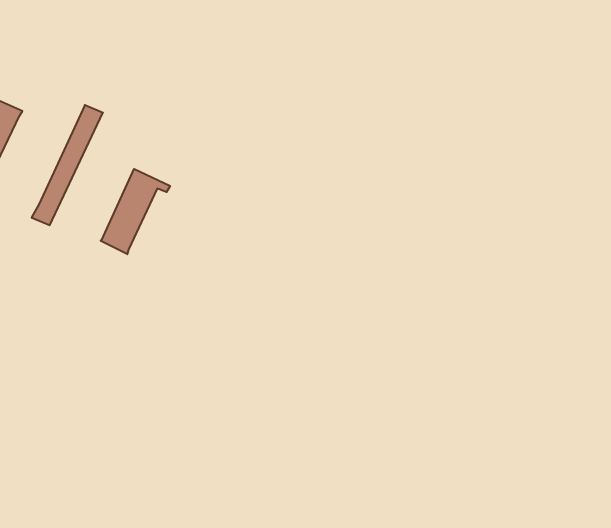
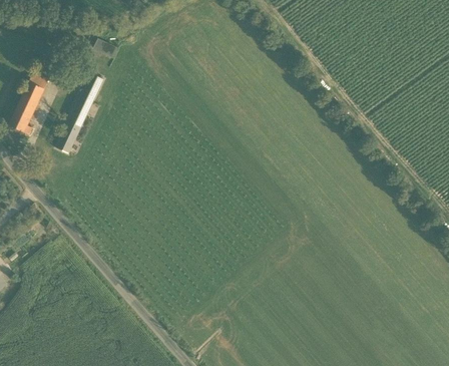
building: [101,169,170,254] -> none

